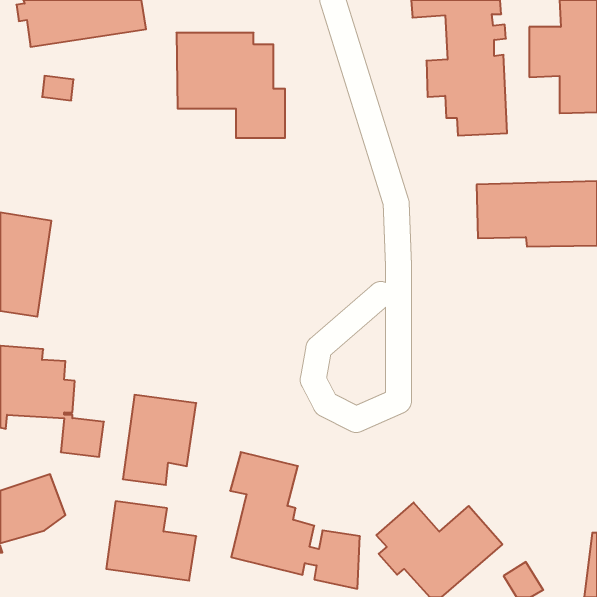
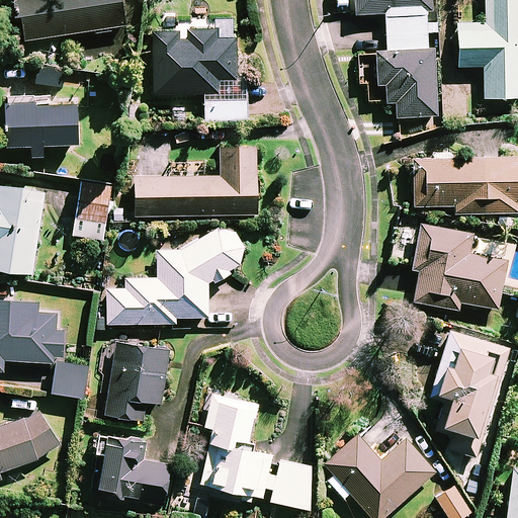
building: none -> [6,93,79,157]
building: none -> [136,144,257,215]
building: none -> [78,182,111,224]
building: none -> [412,224,507,310]
building: none -> [107,232,240,324]
building: none -> [432,330,510,456]

